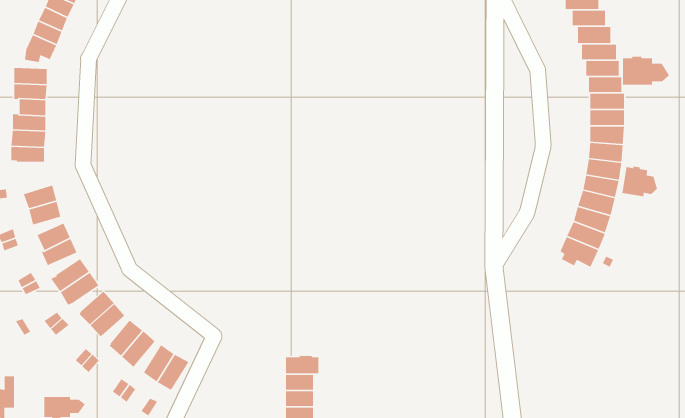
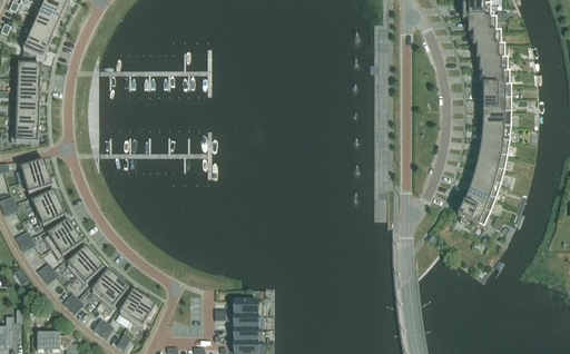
building: [622,56,670,86] -> none
building: [621,166,658,197] -> none

